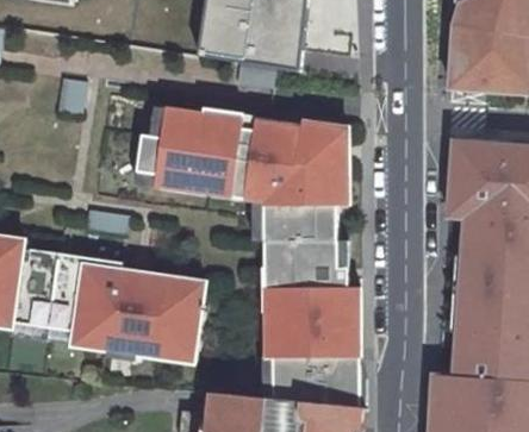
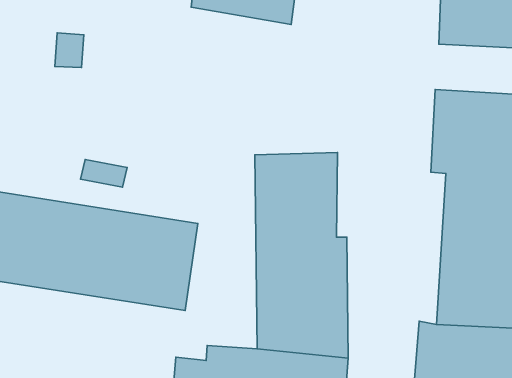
building: [139,106,348,204] -> none

